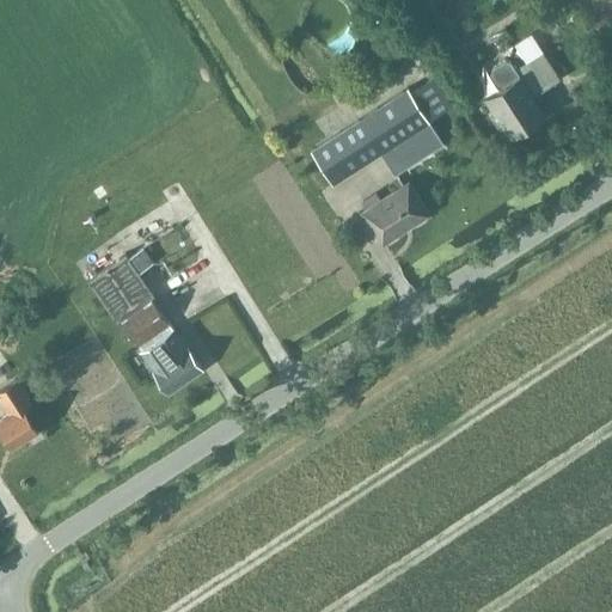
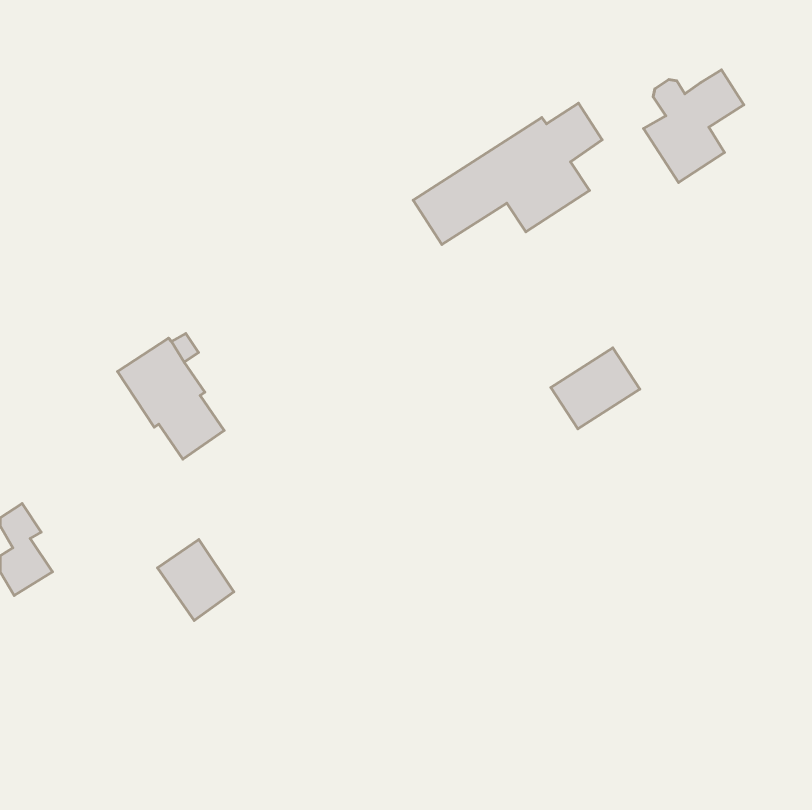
building: [362,184,429,245] -> [551,348,640,429]
building: [142,331,200,392] -> [158,539,234,620]

